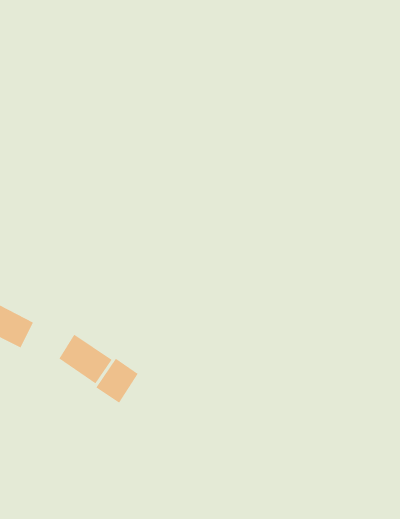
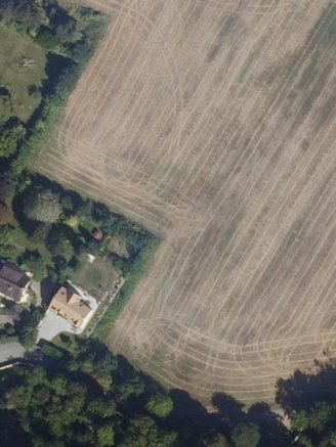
building: [96,358,138,403] -> none

